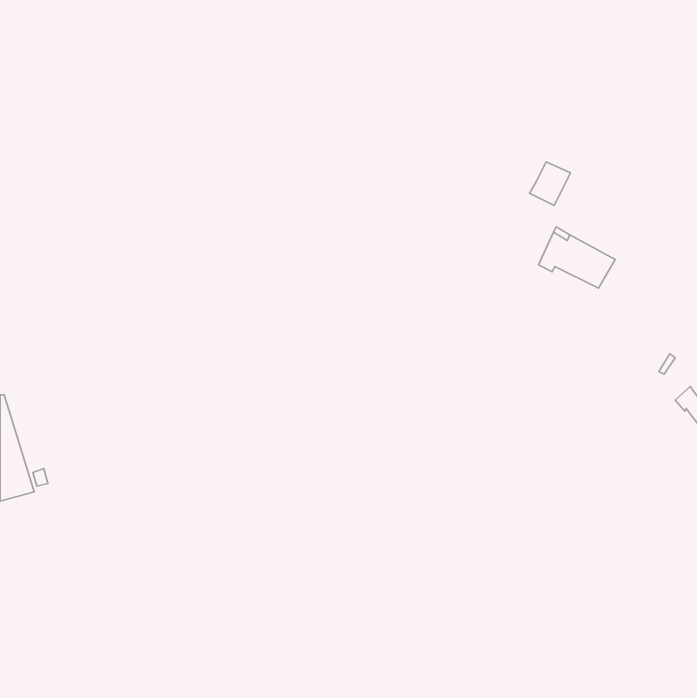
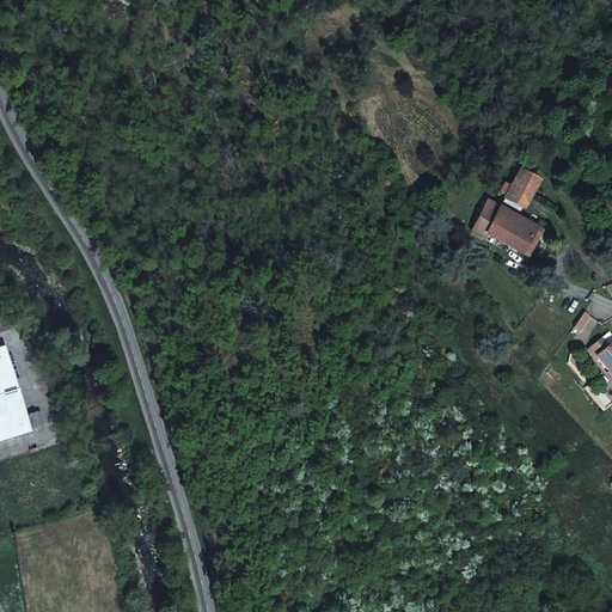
building: [530,162,571,206] -> [506,170,541,208]

